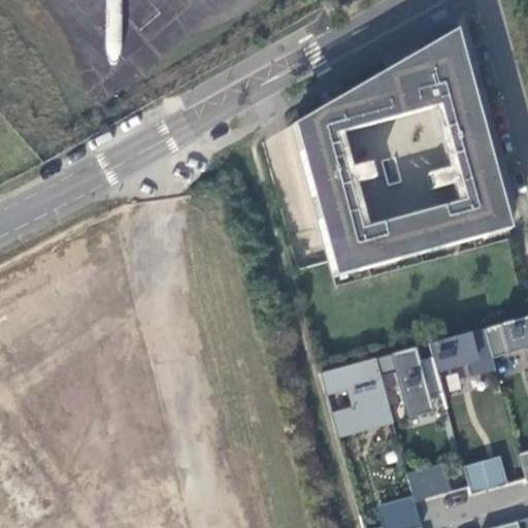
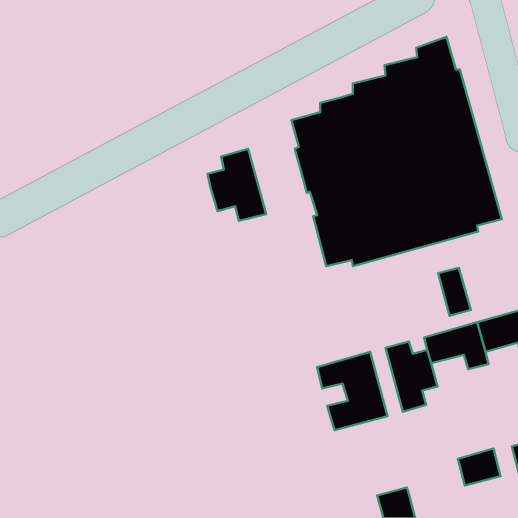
building: none -> [207,149,266,221]
building: none -> [438,268,471,316]
building: [409,462,454,499] -> none

